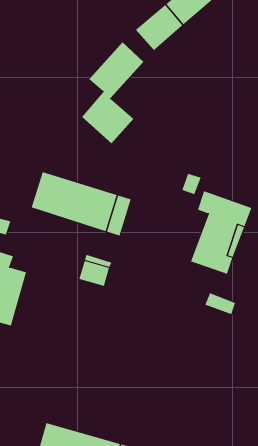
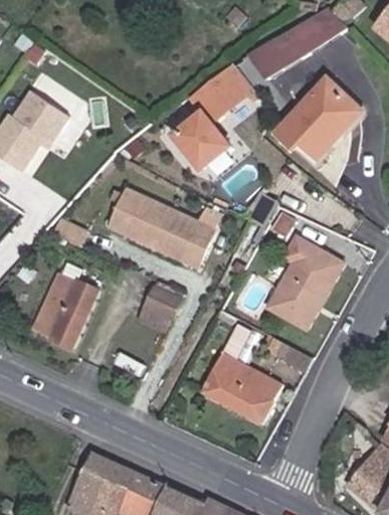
building: none -> [276,79,352,156]
building: none -> [202,327,280,422]

